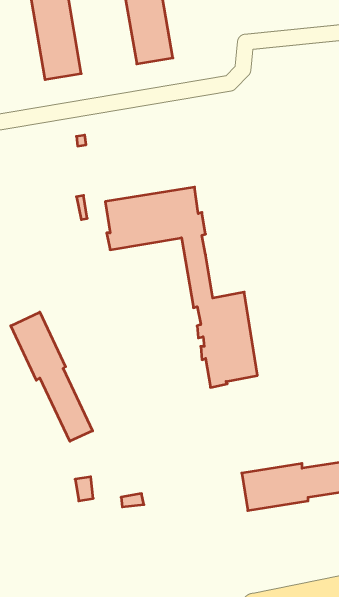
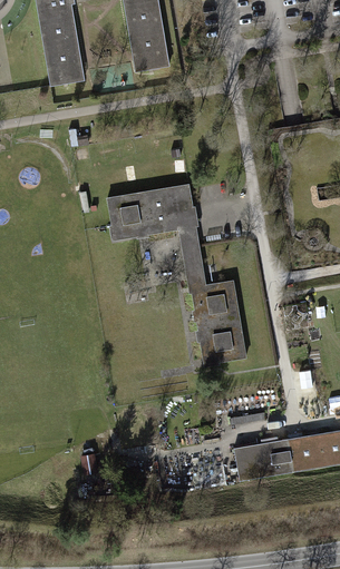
building: [11,312,93,441] -> none

